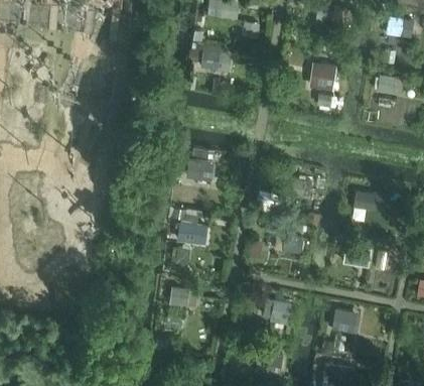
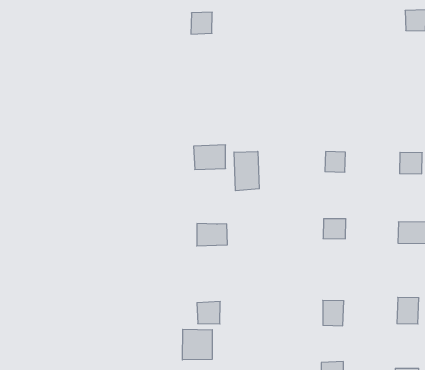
building: [311,62,338,91] -> none
building: none -> [234,151,259,191]
building: none -> [182,329,212,360]

